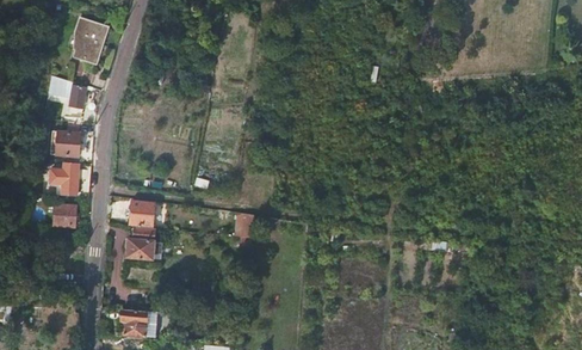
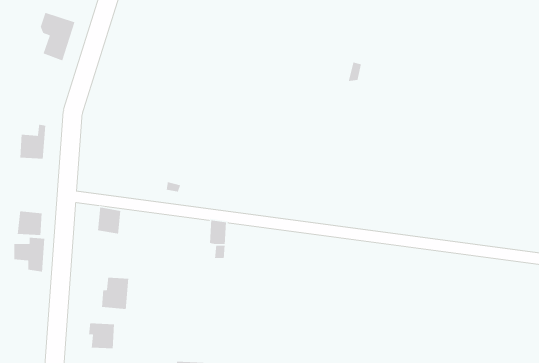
building: [47,75,85,108] -> none
building: [49,164,79,197] -> [13,237,45,273]
building: [126,227,153,258] -> [101,277,129,310]

